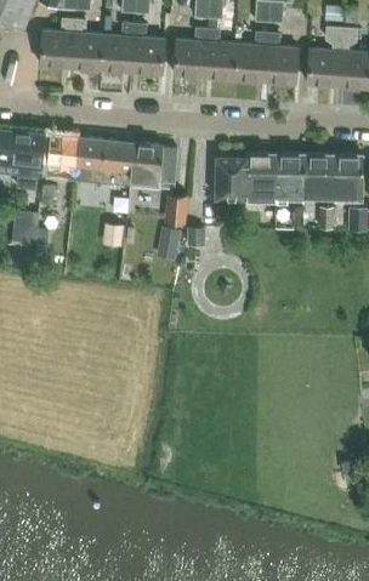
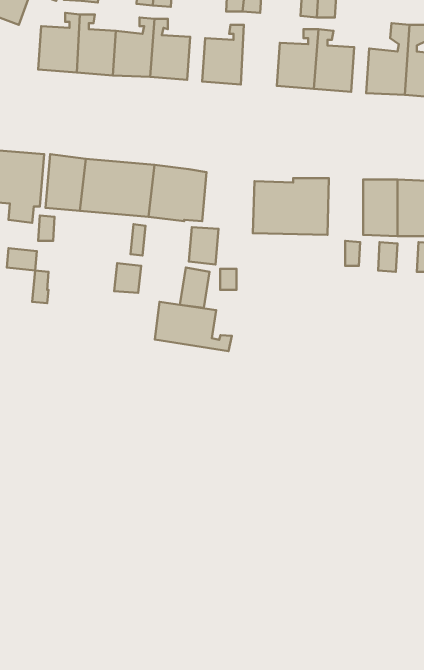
building: [205,29,237,79] -> none
building: [276,154,305,200] -> none
building: none -> [155,302,232,351]

